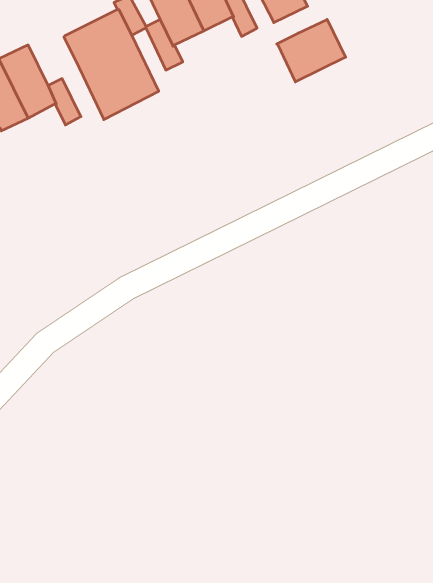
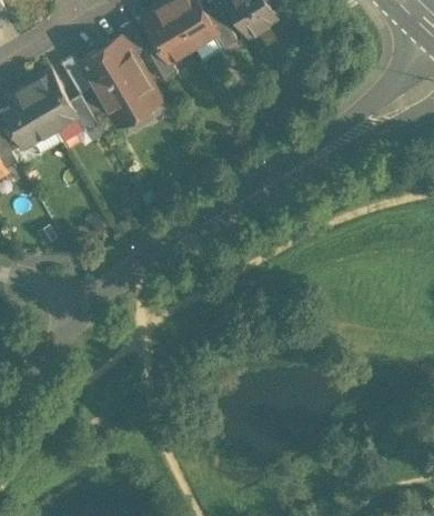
building: [277,19,346,82] -> none
building: none -> [62,55,94,95]

